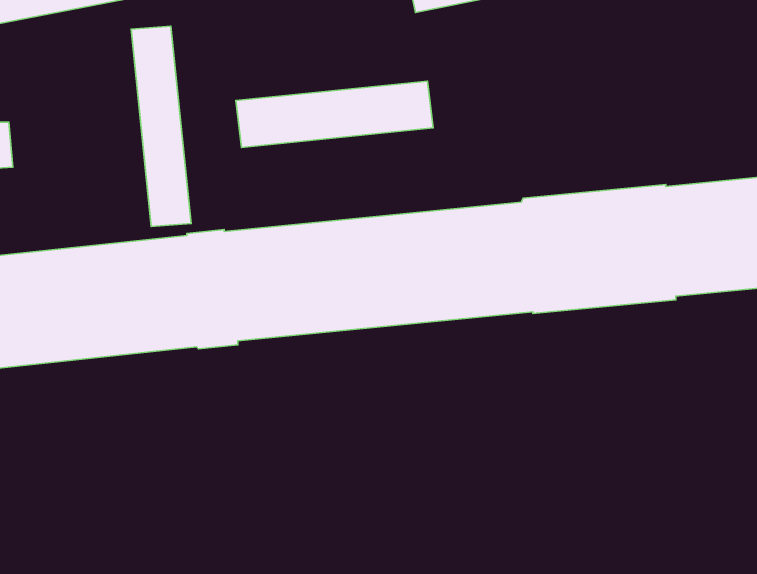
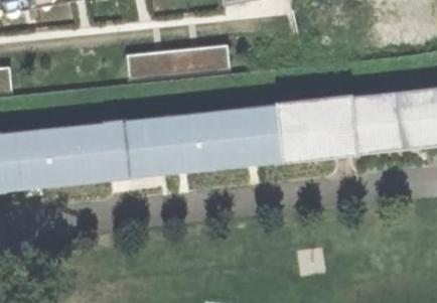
building: [131,26,191,226] -> none

